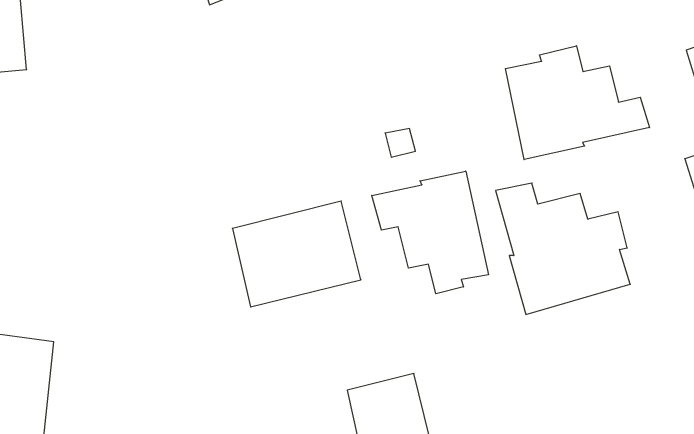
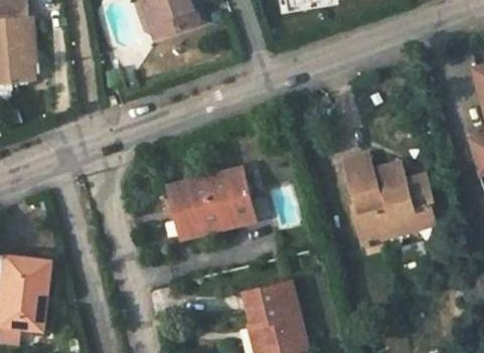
building: [505,46,649,160] -> none
building: [372,171,488,294] -> none

